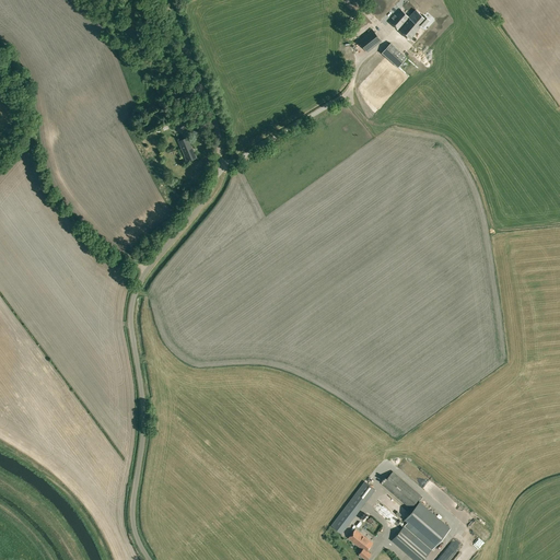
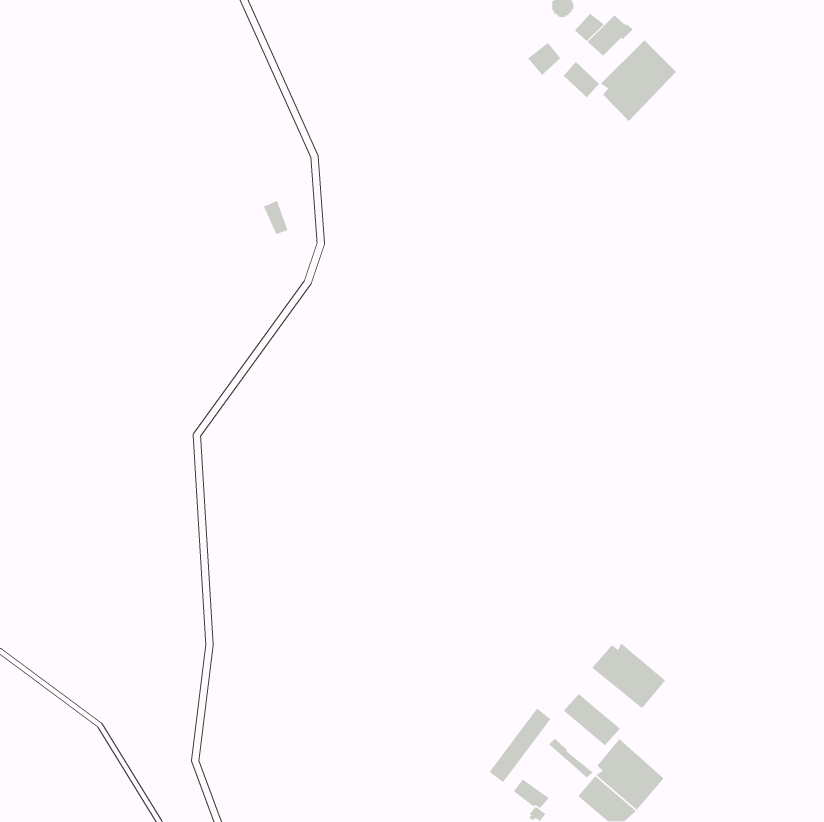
building: none -> [600,39,677,122]
building: none -> [591,642,666,709]

